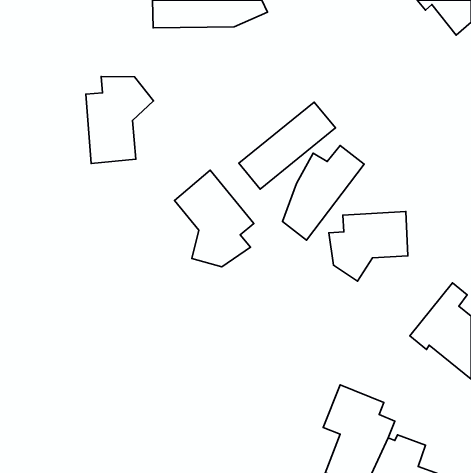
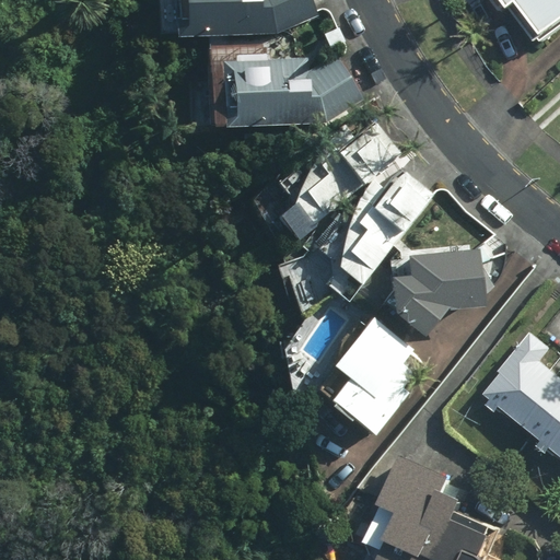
building: none -> [219,52,362,126]
building: [86,76,154,163] -> none
building: [174,170,254,267] -> none
building: none -> [315,317,421,425]

